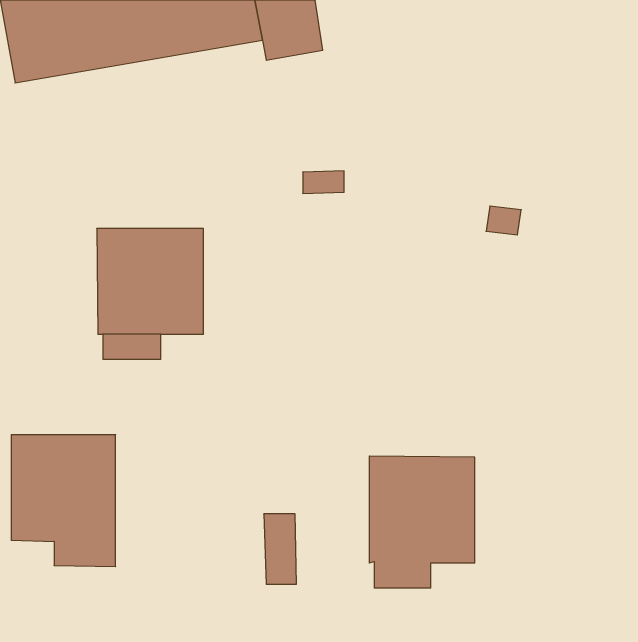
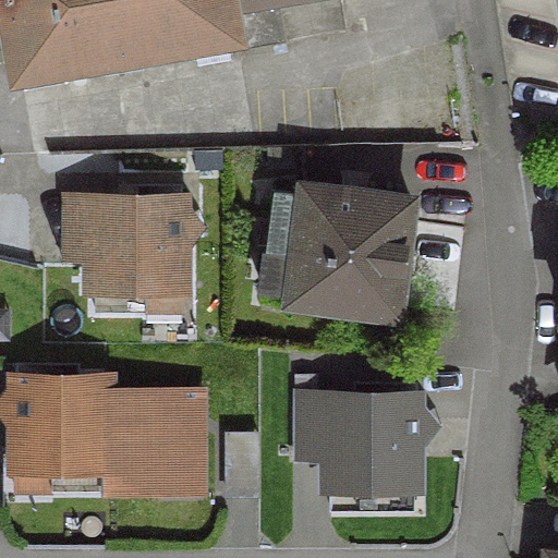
building: none -> [267,186,409,316]
building: none -> [104,377,196,492]

